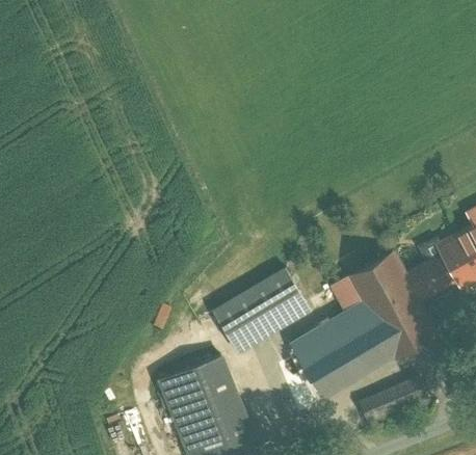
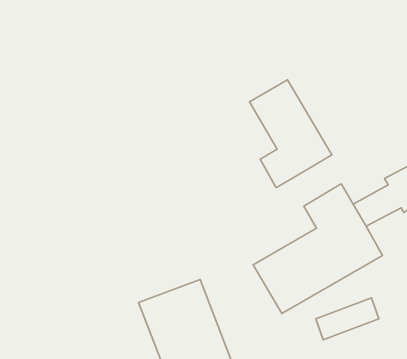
building: none -> [249,80,332,187]
building: [210,267,307,350] -> none

